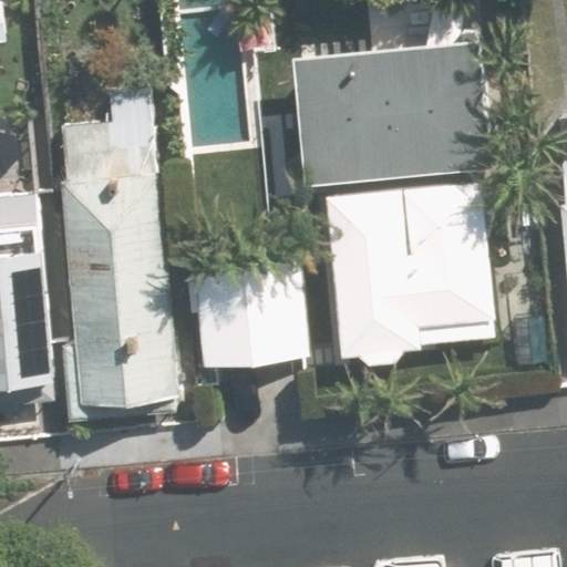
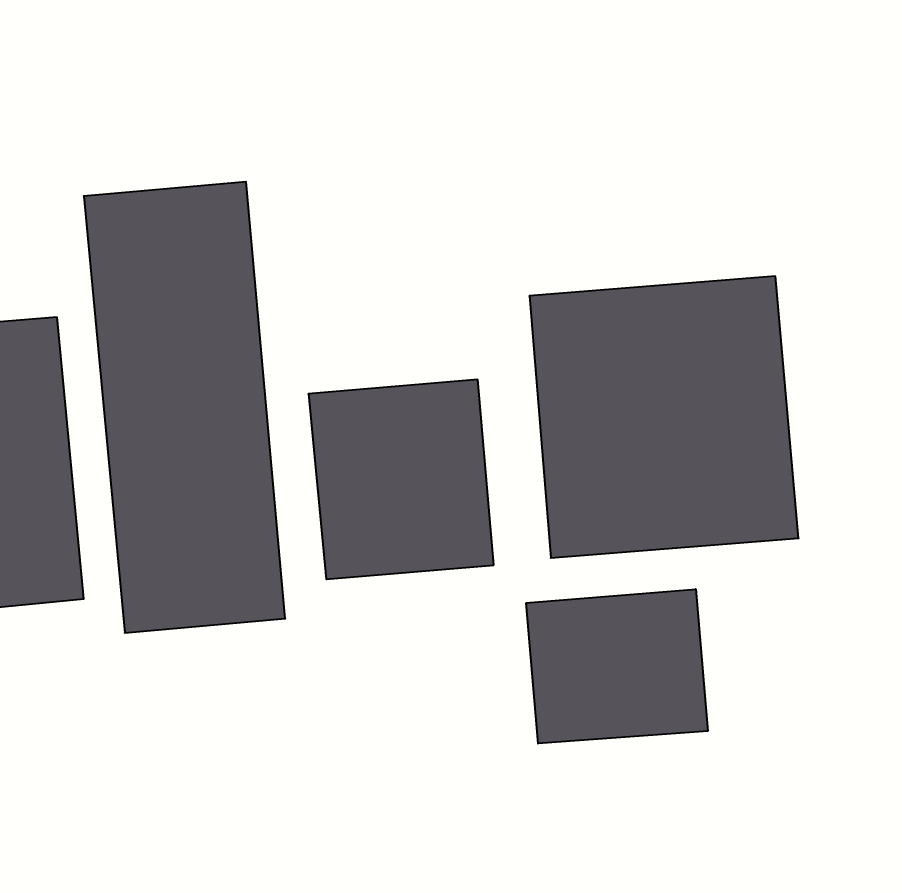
building: [293,41,495,187] -> none
building: none -> [526,589,708,744]

